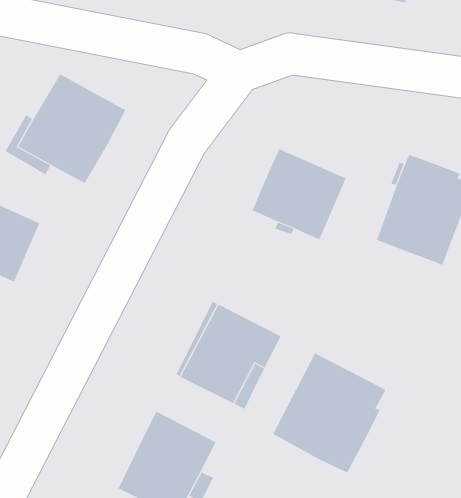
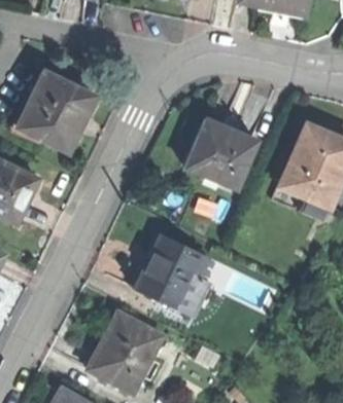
building: [273,352,386,473] -> none

